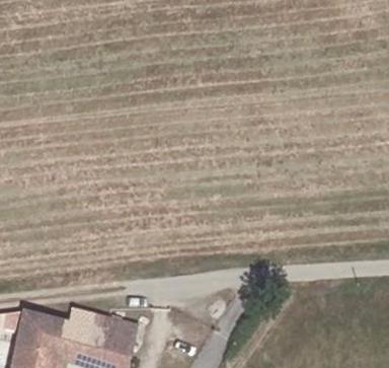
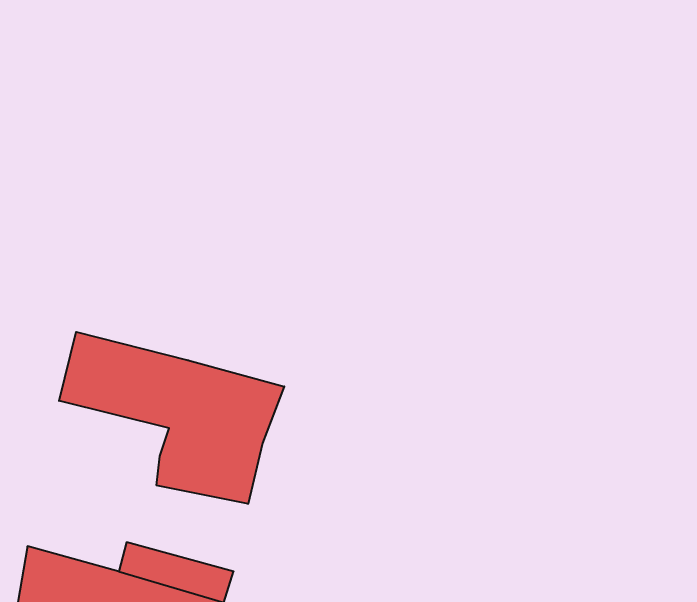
building: none -> [59,332,284,504]

